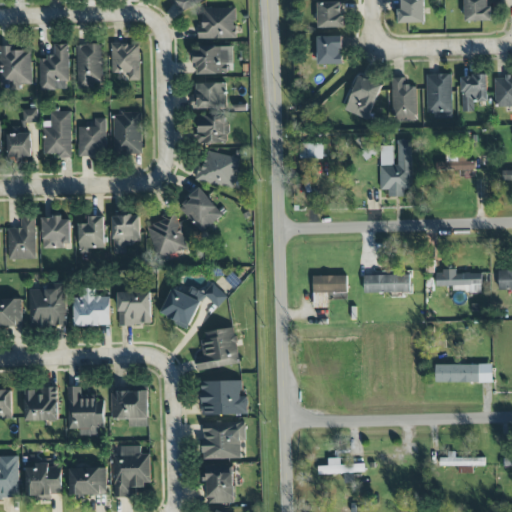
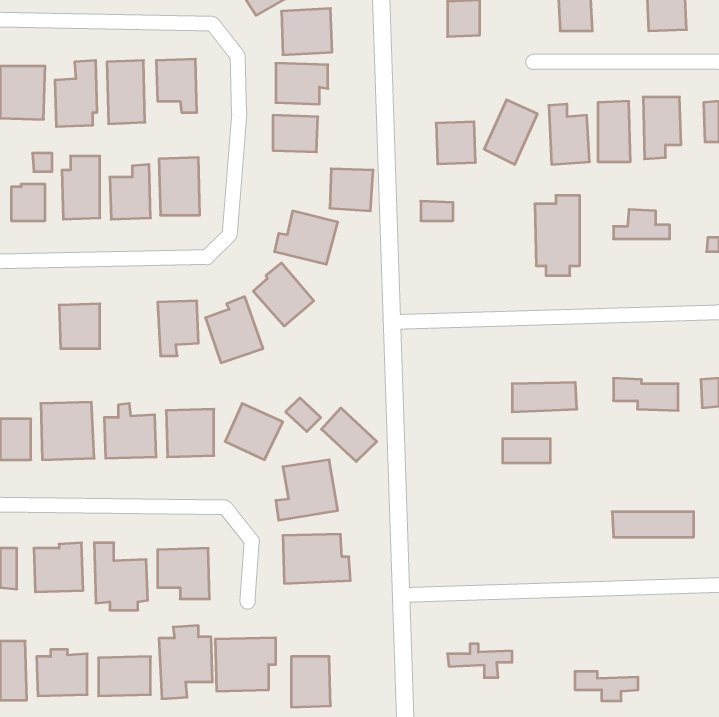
building: [314,31,342,61] -> [436,122,476,164]
building: [198,114,229,144] -> [330,169,373,211]
building: [79,215,105,249] -> none
building: [7,216,36,259] -> none
building: [313,275,347,292] -> [503,439,550,463]
building: none -> [321,408,377,462]
building: [203,421,246,459] -> [215,638,276,691]
building: [440,452,485,473] -> [575,671,638,701]

